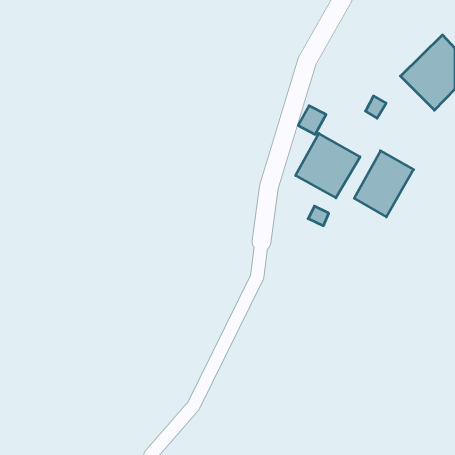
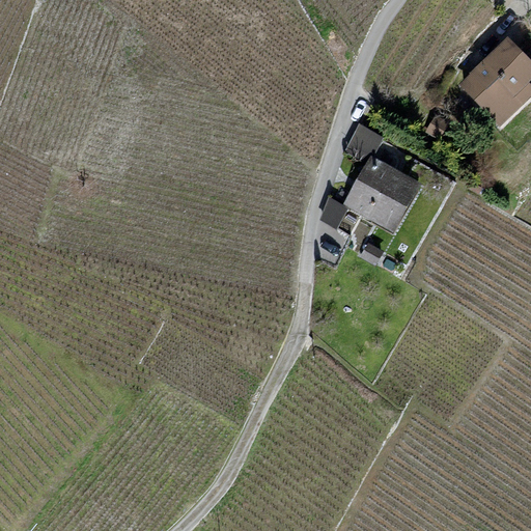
building: [354,151,414,217] -> none

